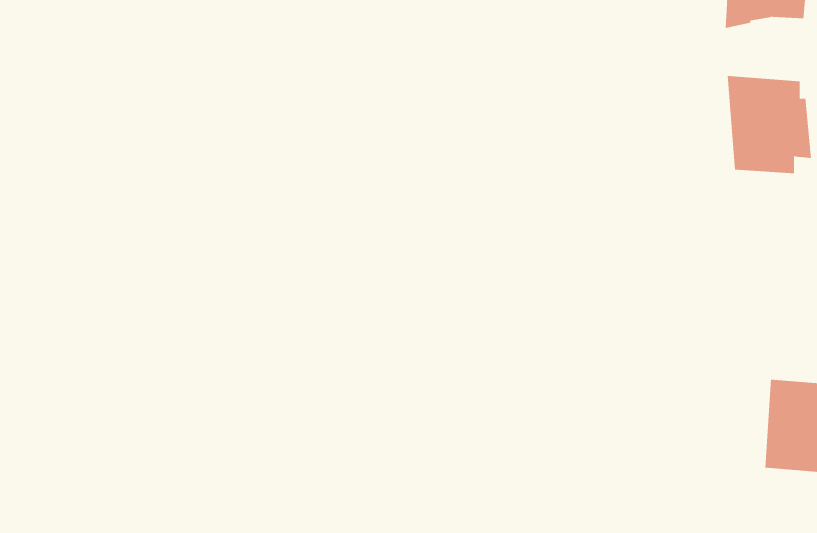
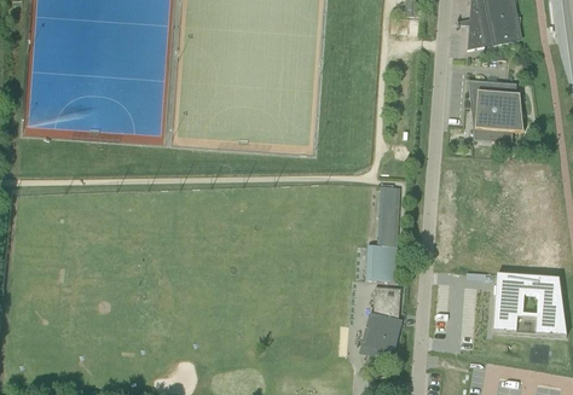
building: none -> [366,187,400,280]
building: none -> [371,286,401,350]

